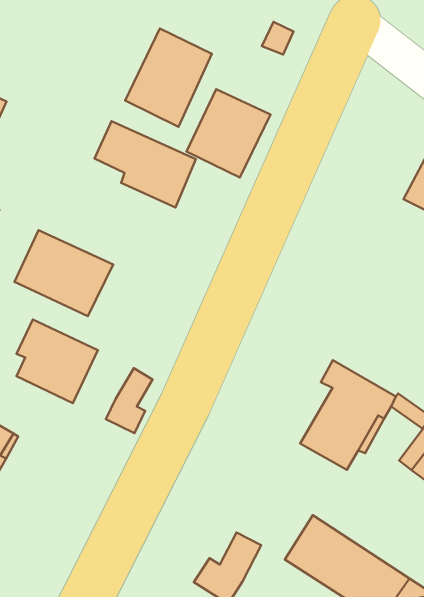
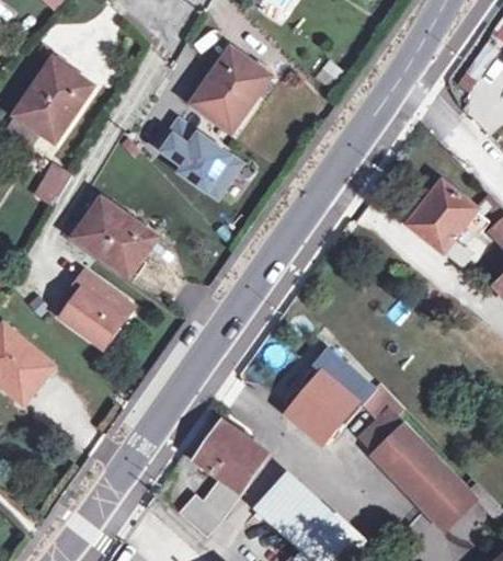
building: [186,89,271,177] -> none
building: [106,368,153,433] -> none
building: none -> [196,422,266,492]

